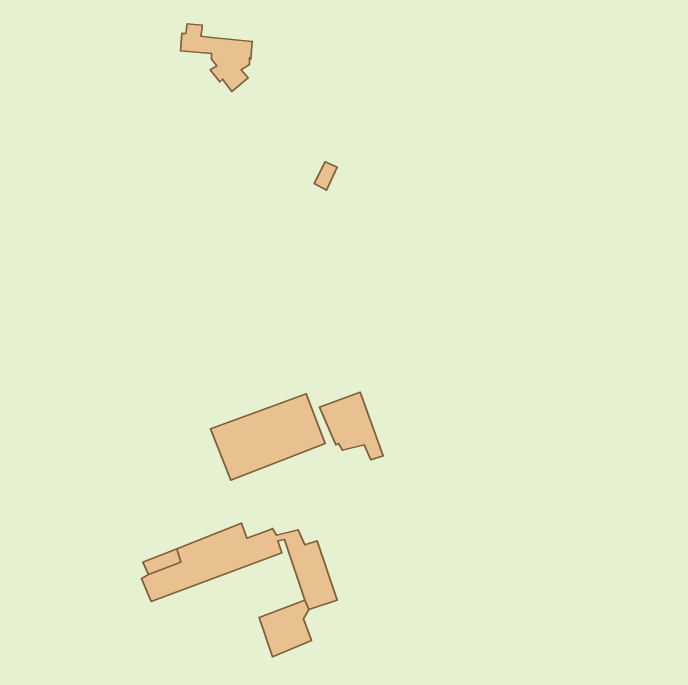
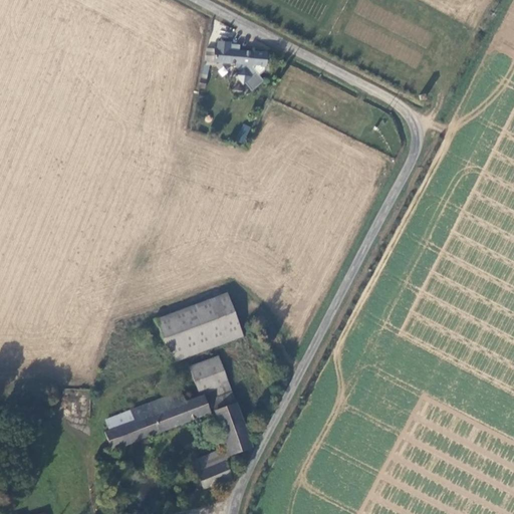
building: [181,24,252,91] -> [212,39,265,89]
building: [320,392,383,460] -> [190,355,237,406]

